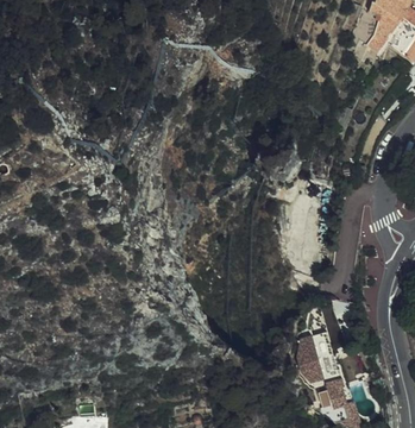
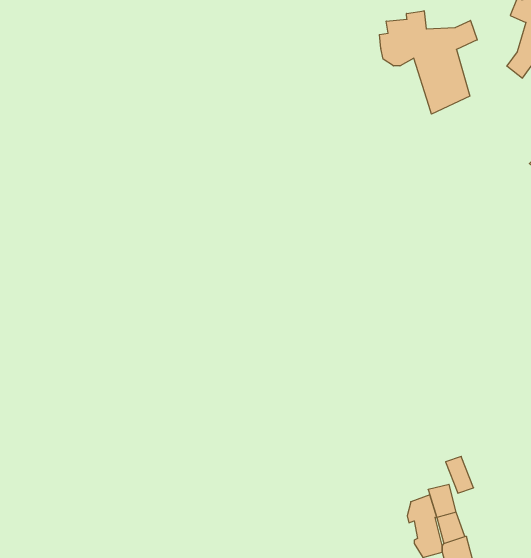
building: none -> [379,11,477,114]

